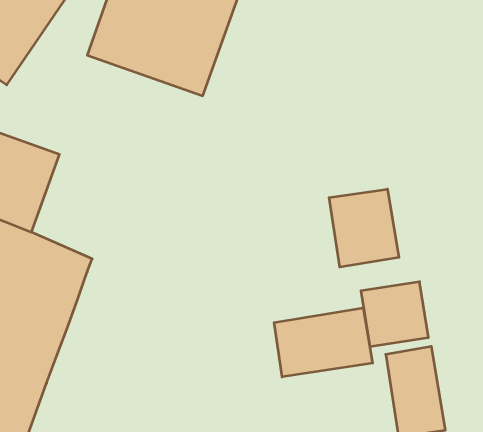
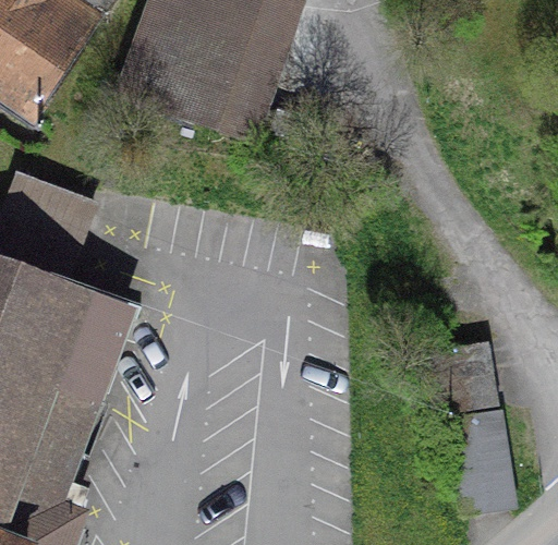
building: [329,189,399,267] -> none
building: [274,308,373,377] -> none

